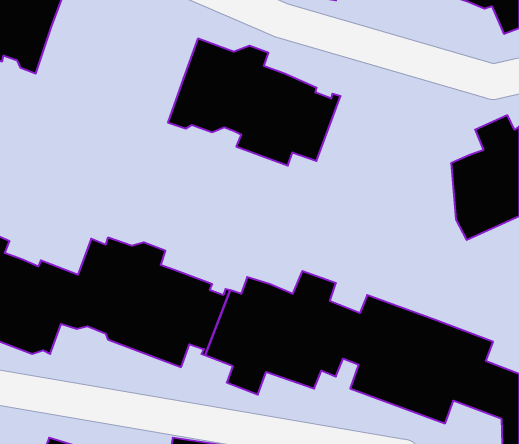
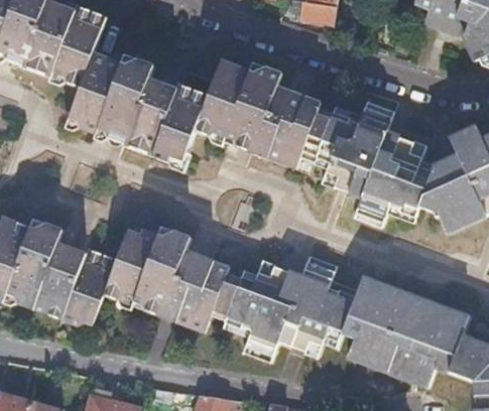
building: none -> [71,50,206,161]
building: none -> [318,102,435,225]

